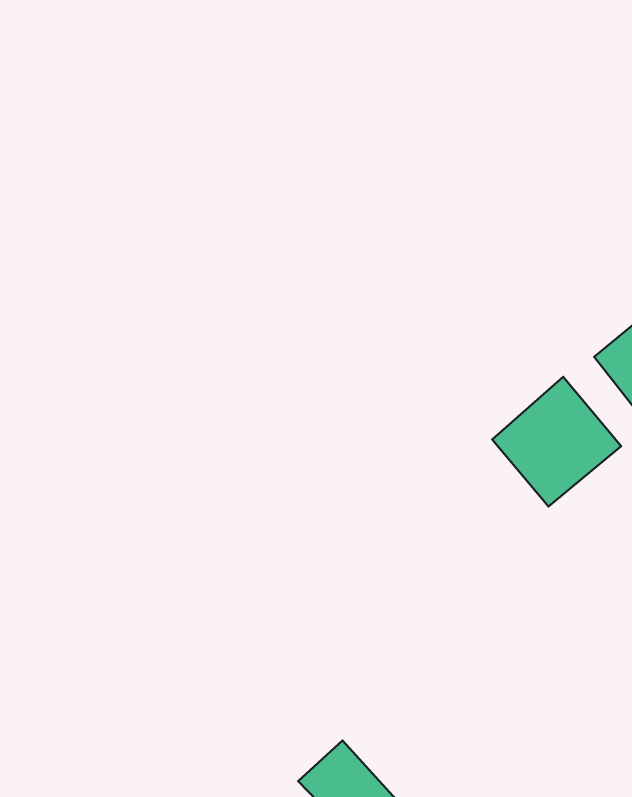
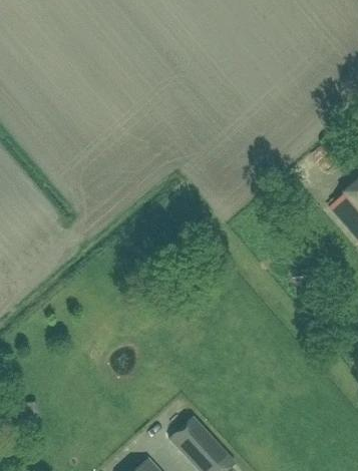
building: [492,377,621,506] -> none

